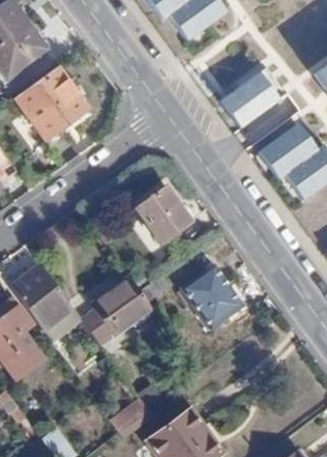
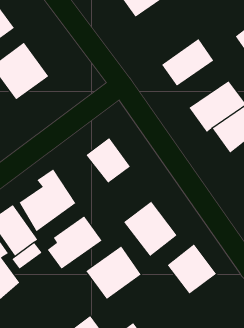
building: none -> [19,168,76,232]
building: none -> [167,244,217,294]
building: none -> [86,246,141,300]

